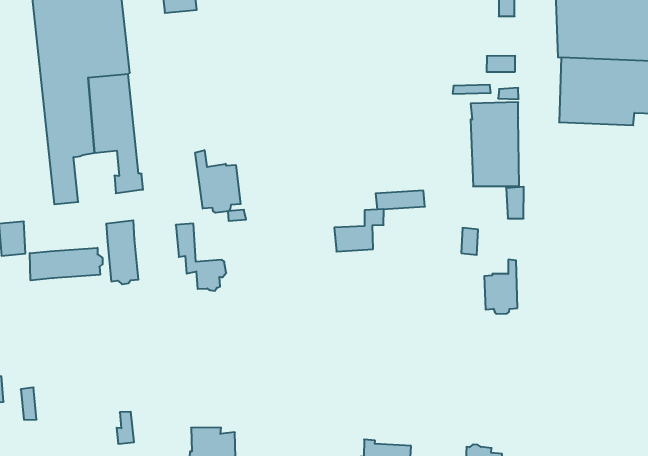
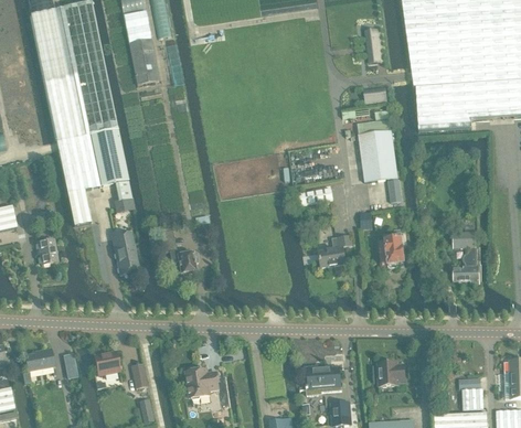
building: [195,150,241,213] -> none
building: [334,209,384,252] -> [317,234,351,267]
building: [30,248,103,280] -> none
building: none -> [453,232,479,281]
building: none -> [93,351,119,374]

